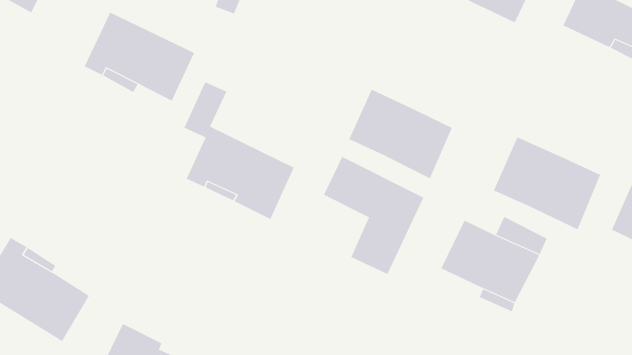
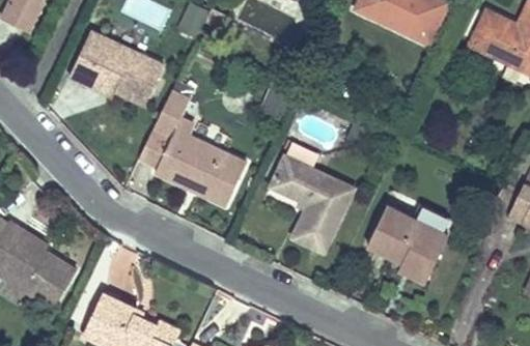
building: [348,89,452,179] -> none
building: [493,136,601,230] -> none

